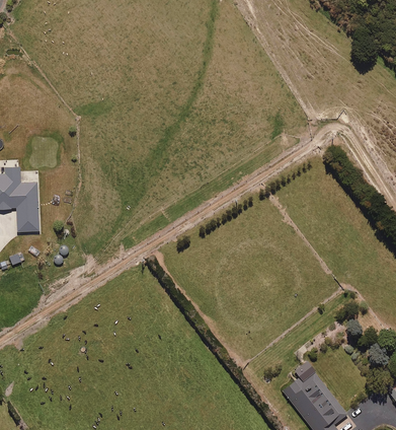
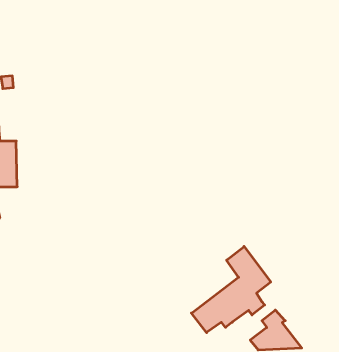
building: none -> [191,246,271,333]

